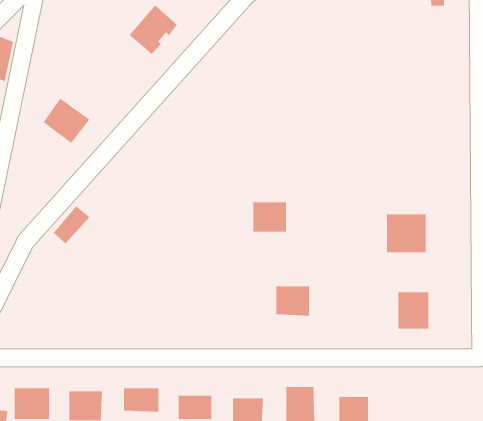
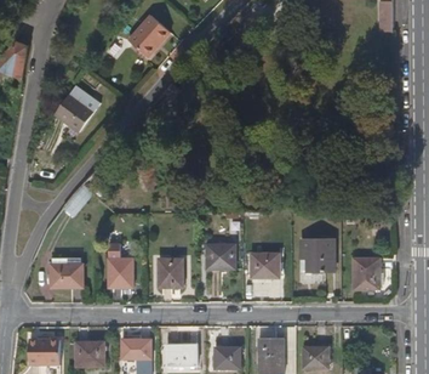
building: [252,202,287,232] -> [206,244,235,270]
building: [386,214,426,253] -> [301,239,334,272]
building: none -> [50,259,82,288]
building: none -> [108,259,132,287]
building: none -> [158,259,183,288]

